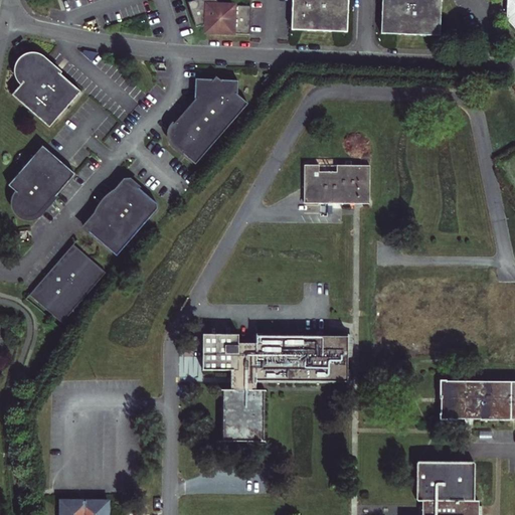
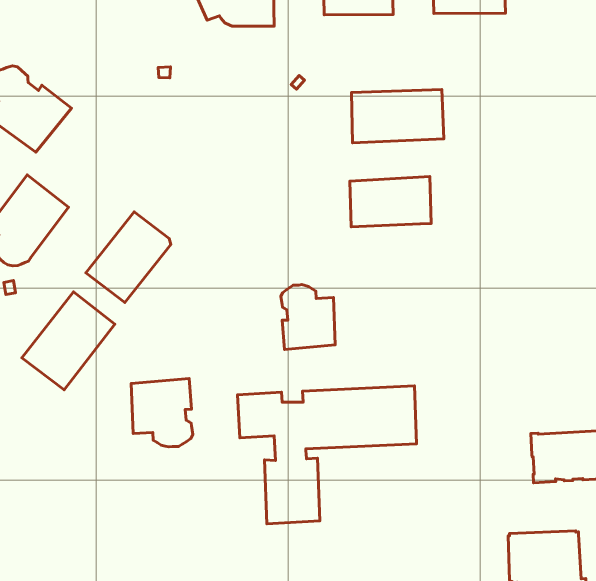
building: [168,75,246,164] -> none
building: none -> [351,90,444,143]
building: none -> [281,285,335,349]
building: none -> [131,378,193,447]

